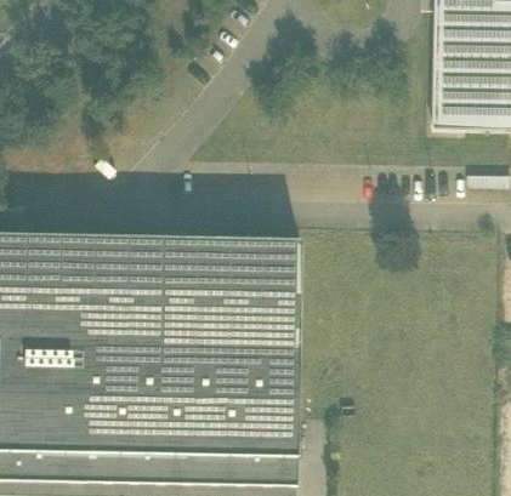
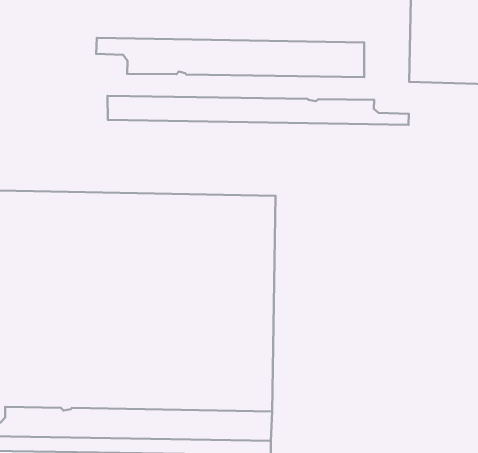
building: none -> [96,38,364,77]
building: none -> [107,96,409,125]

